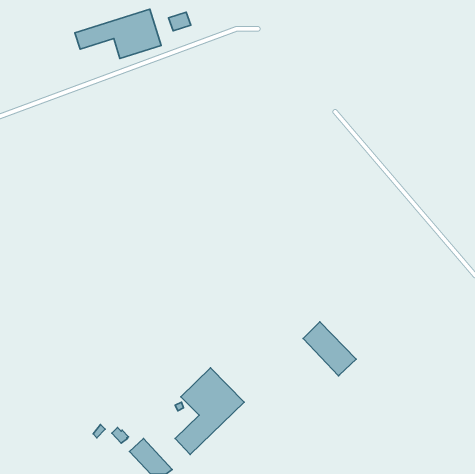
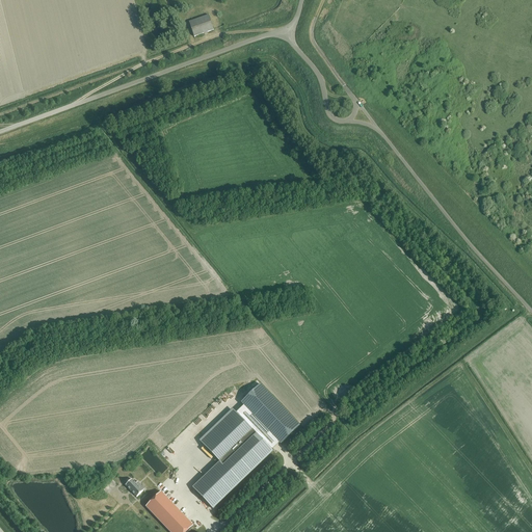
building: [75,9,161,59] -> none
building: [303,322,356,376] -> [240,381,299,442]

